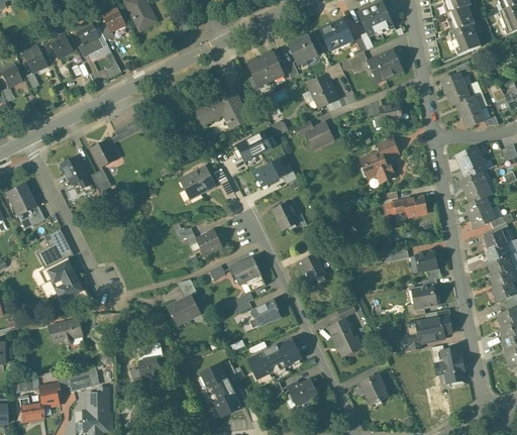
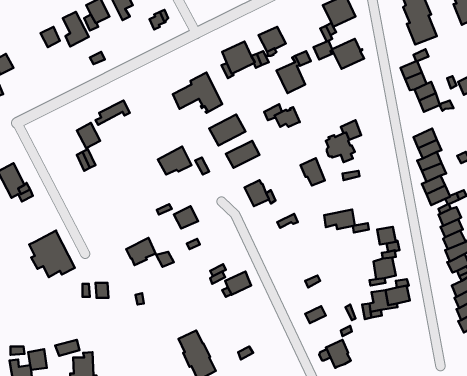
building: [320,18,351,49] -> none
building: [22,43,47,87] -> none
building: [374,103,401,127] -> none
building: [62,154,88,184] -> none
building: none -> [300,158,325,186]
building: [393,195,426,216] -> [324,210,355,229]
building: [36,227,74,267] -> none
building: [298,253,324,282] -> none
building: [230,257,266,291] -> none
building: [168,295,200,324] -> [126,238,156,265]
building: [48,318,82,342] -> none
building: [329,319,355,345] -> none
building: [248,338,302,378] -> none
building: [426,347,463,382] -> none
building: [138,356,161,378] -> none
building: [287,378,318,406] -> none

